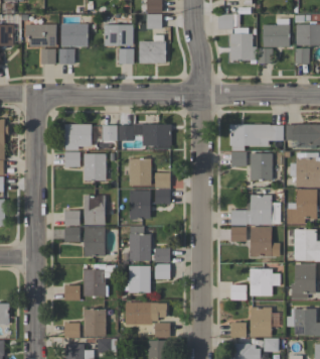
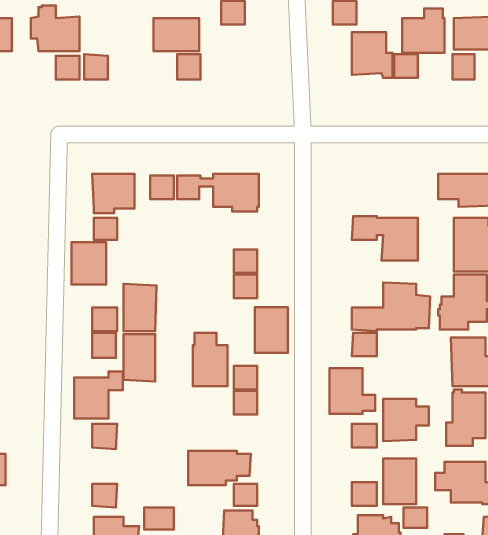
building: [61,23,88,45] -> none
building: [140,34,166,63] -> none
building: [229,124,283,150] -> none
building: [84,153,106,181] -> [72,242,106,285]
building: [129,158,151,185] -> none
building: [130,190,151,219] -> [255,307,288,353]
building: [251,227,280,256] -> [329,368,375,414]
building: [84,265,115,295] -> [74,371,123,419]
building: [123,265,150,292] -> none
building: [84,309,106,336] -> none

